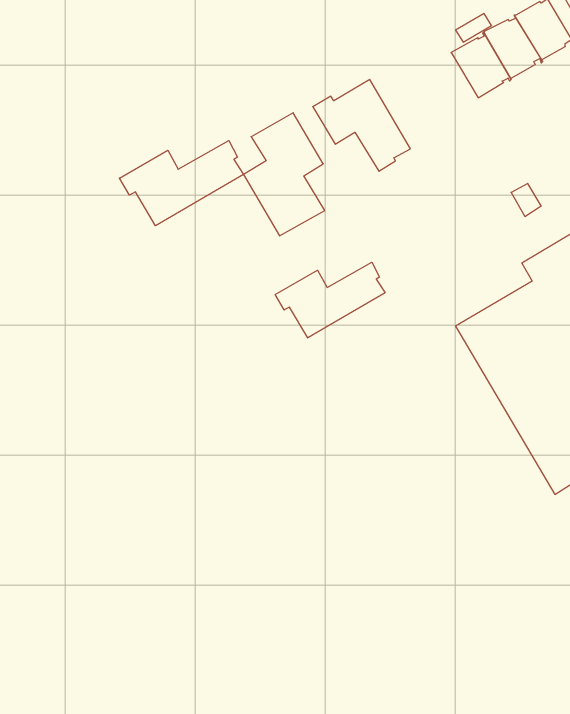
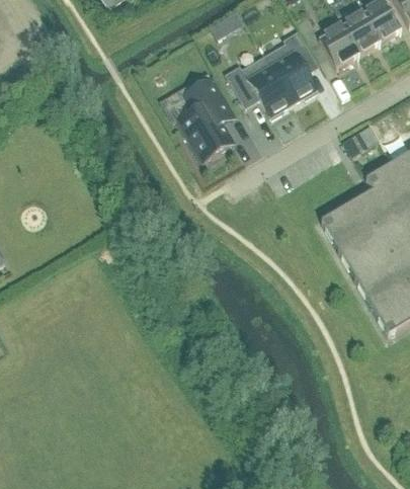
building: none -> [263,30,315,102]
building: [119,141,244,226] -> none
building: [275,262,385,338] -> none

